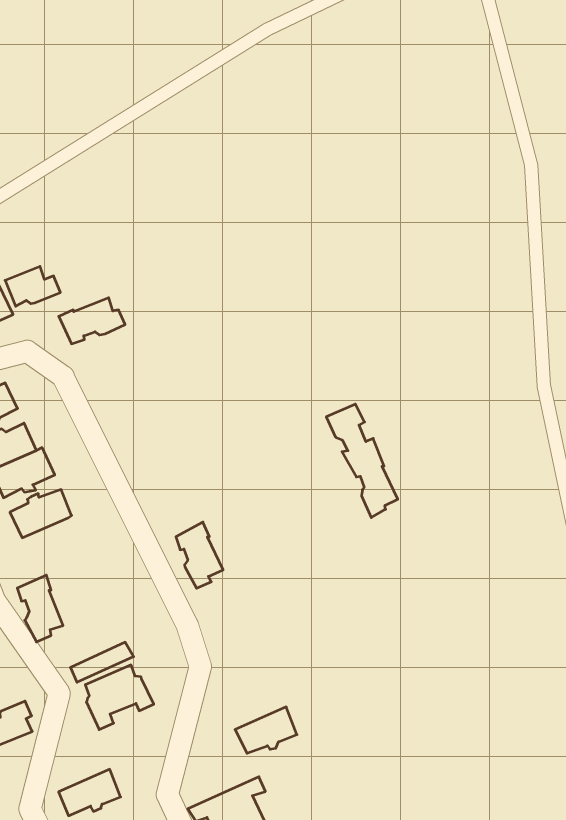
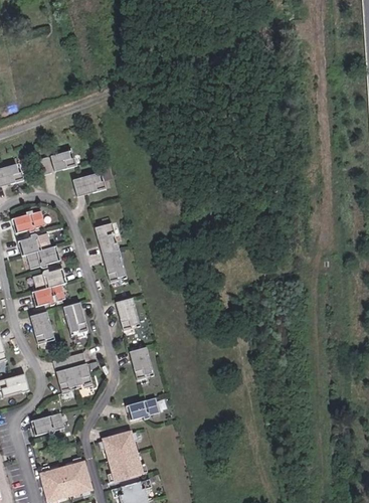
building: [326,404,398,518] -> [96,224,125,284]
building: none -> [36,284,66,306]
building: none -> [64,303,87,333]
building: none -> [129,346,150,379]

